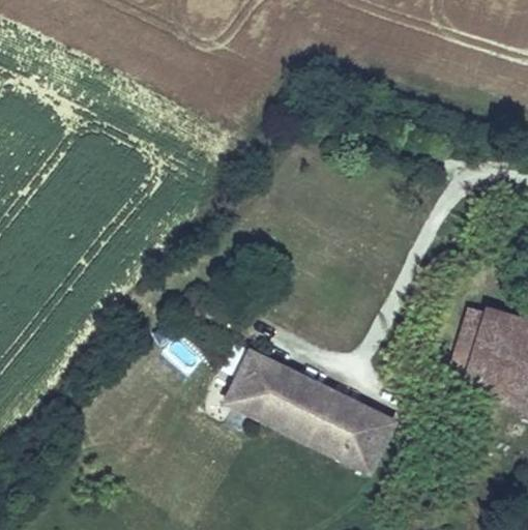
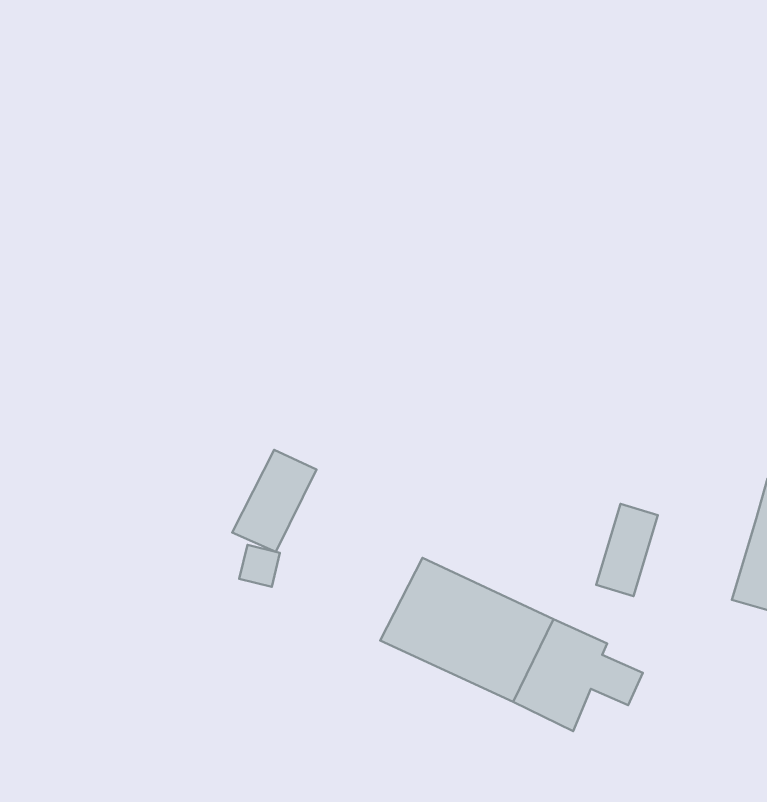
building: [451,330,491,389] -> [596,504,658,596]
building: [223,350,276,415] -> [232,450,316,552]

